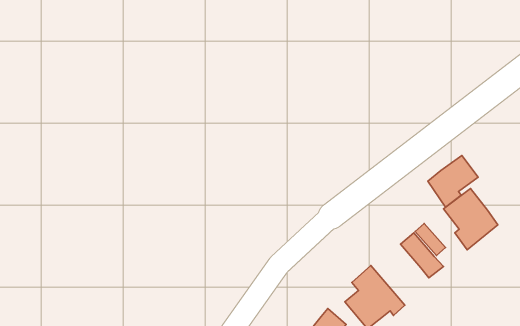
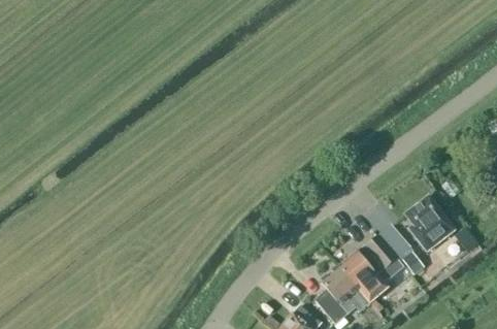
building: [428,156,478,207] -> none
building: none -> [338,250,387,301]

